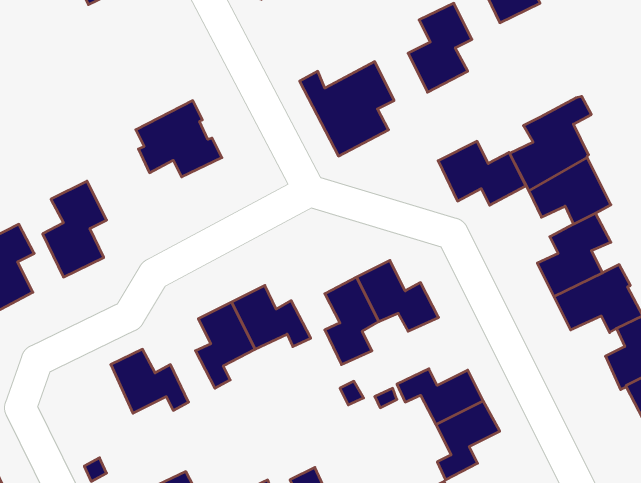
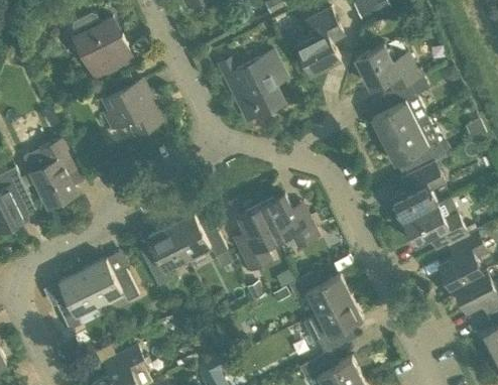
building: none -> [74,14,134,81]
building: [438,141,526,205] -> [356,45,419,92]
building: none -> [55,271,98,333]

